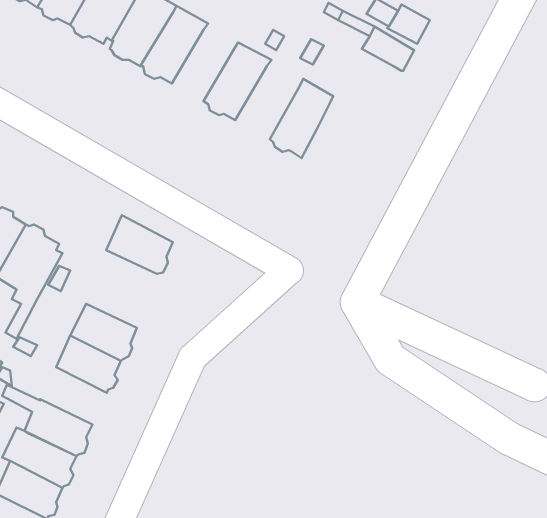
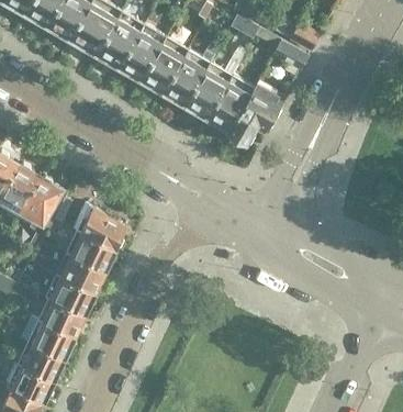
building: none -> [138,37,184,91]
building: none -> [182,63,230,118]
building: none -> [226,81,282,145]
building: [106,215,173,274] -> [79,208,125,248]
building: none -> [47,276,93,315]

